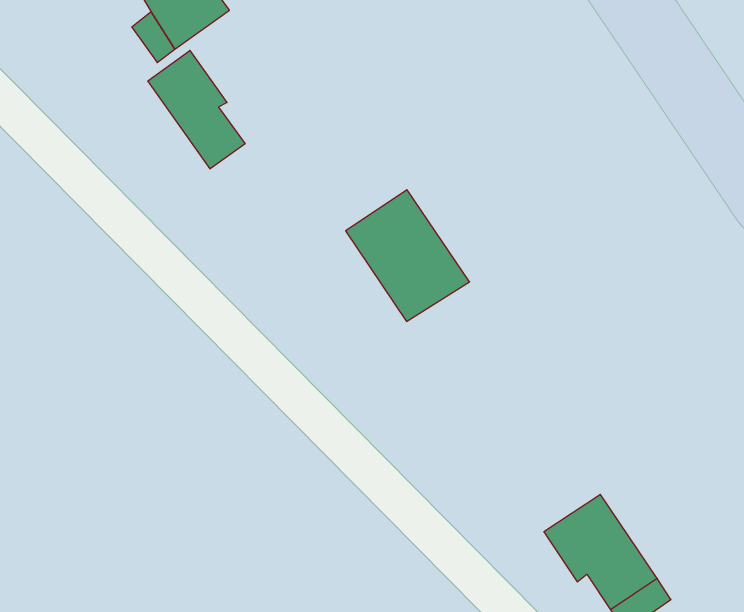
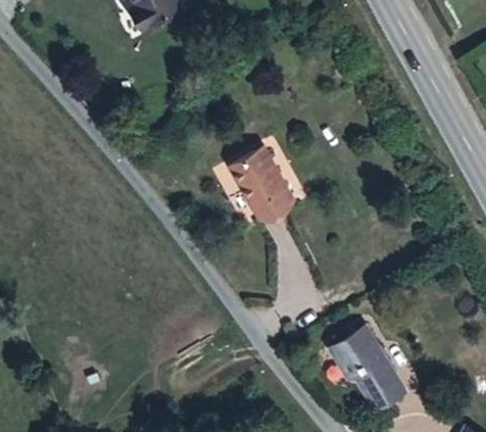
building: [148,50,245,169] -> none

